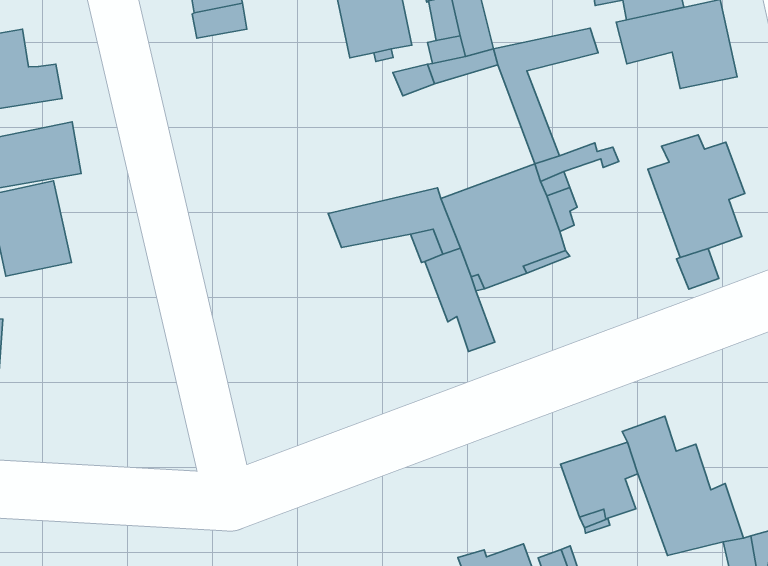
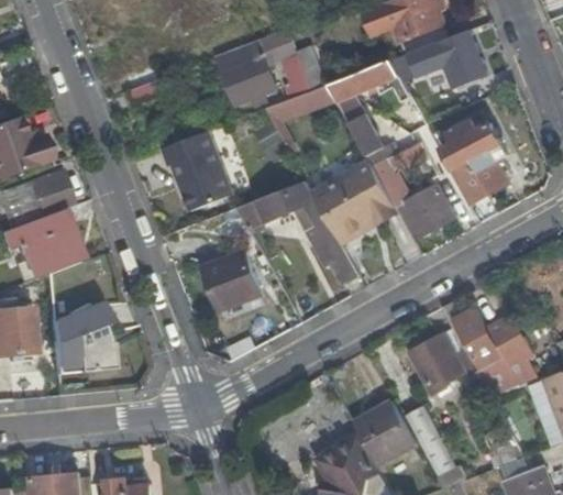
building: none -> [162,132,231,211]
building: none -> [398,185,454,238]
building: none -> [201,251,261,311]
building: none -> [51,305,113,374]

